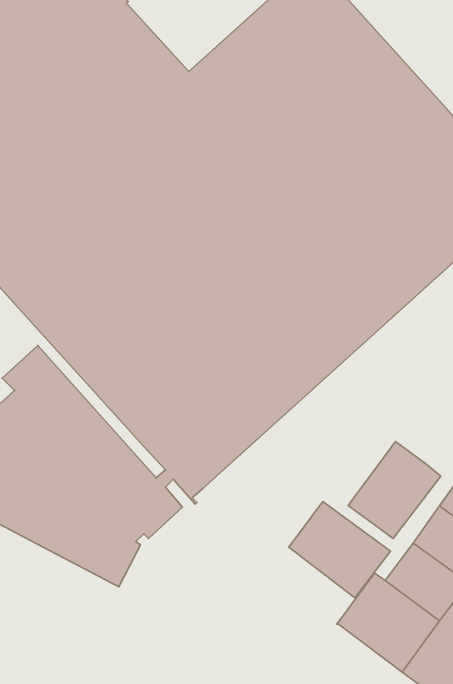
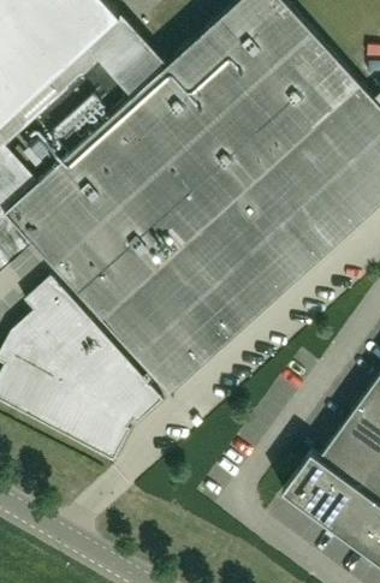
building: [348,442,441,538] -> none
building: [289,501,391,598] -> none

